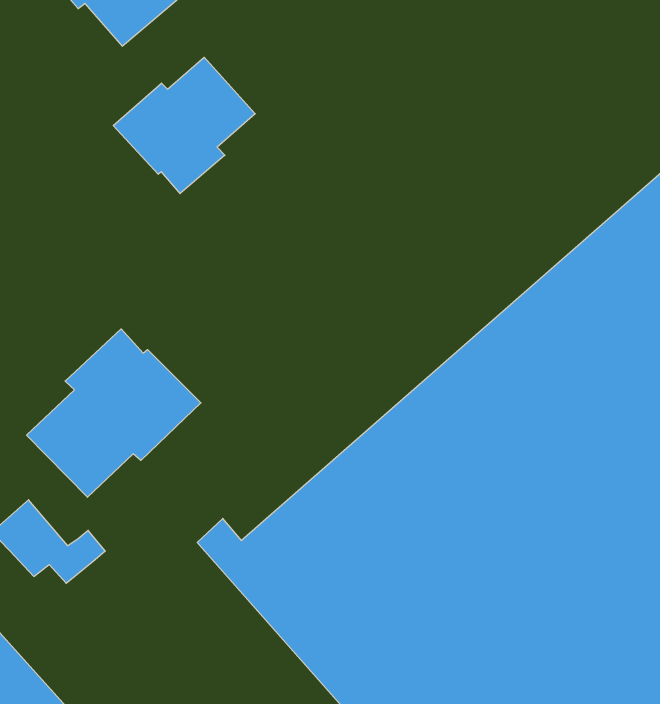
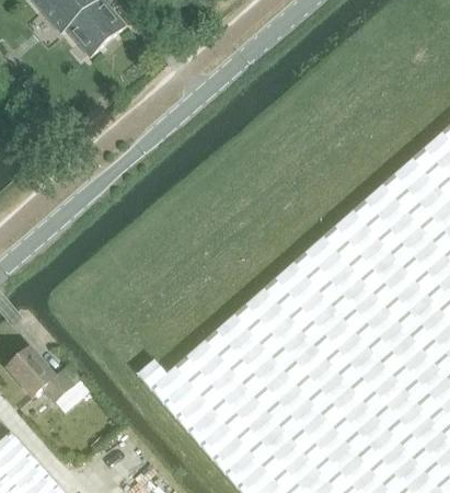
building: [113,57,255,194] -> none
building: [27,329,201,497] -> none

